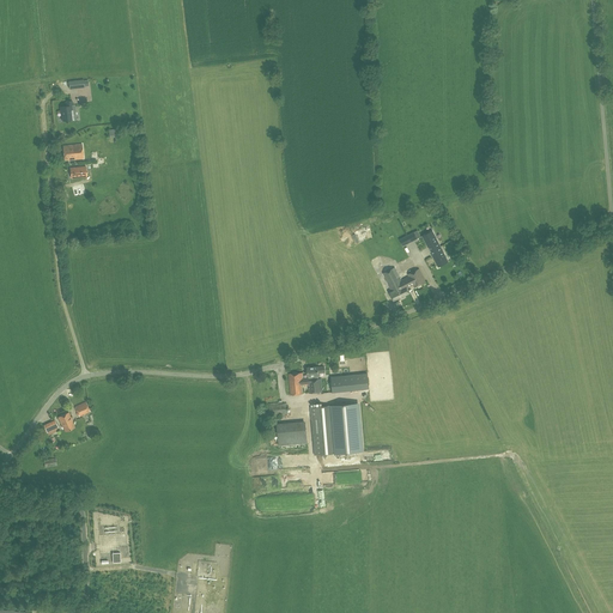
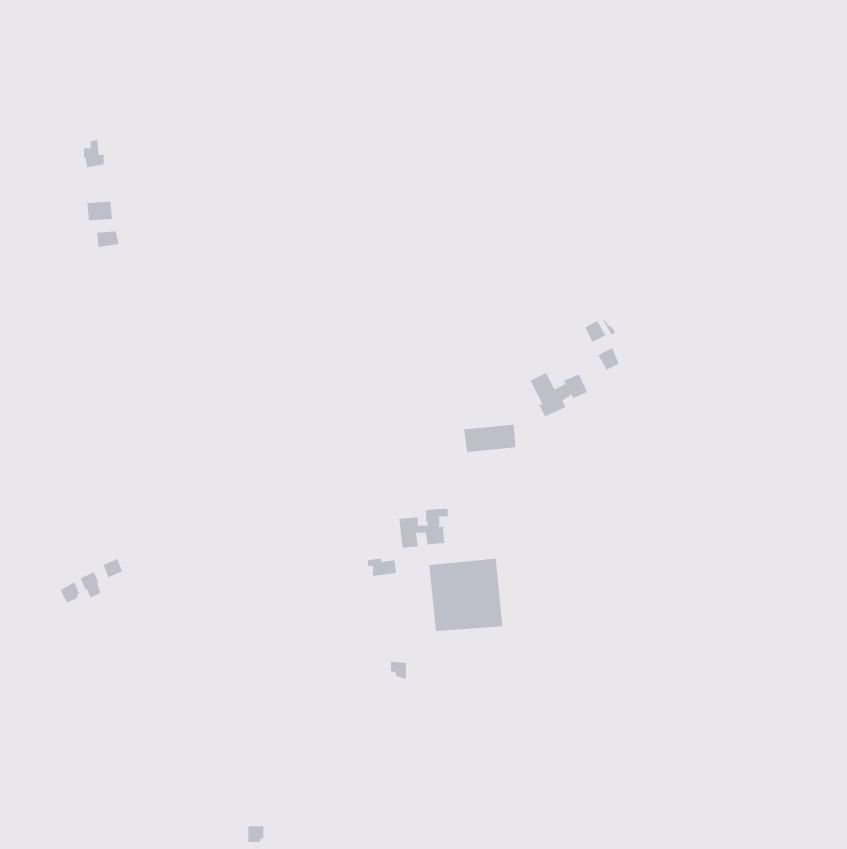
building: [329,372,368,393] -> [463,424,516,452]
building: [275,421,306,445] -> none

